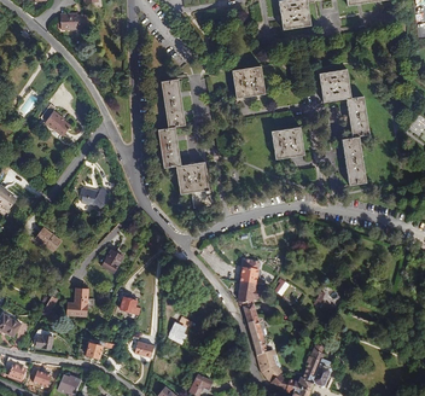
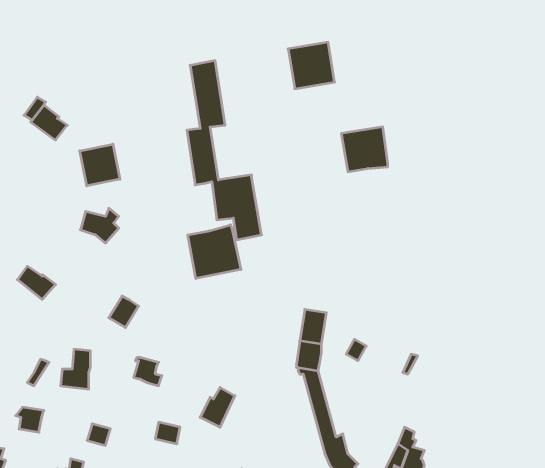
building: [319,68,371,185] -> none
building: none -> [80,144,120,186]
building: none -> [188,225,241,279]

